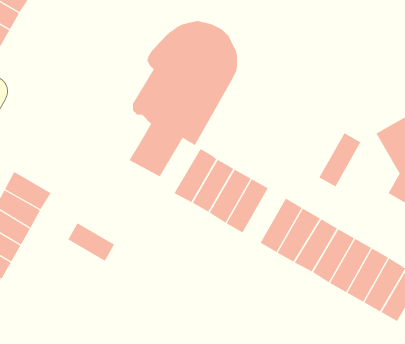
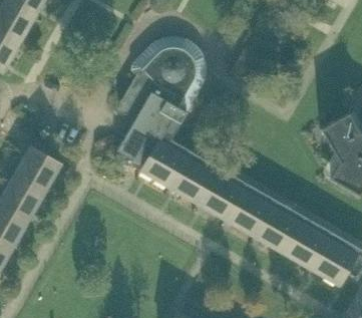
building: [319,132,361,187] -> [211,175,246,220]
building: none -> [140,133,175,179]
building: [67,223,115,261] -> [22,146,61,179]

